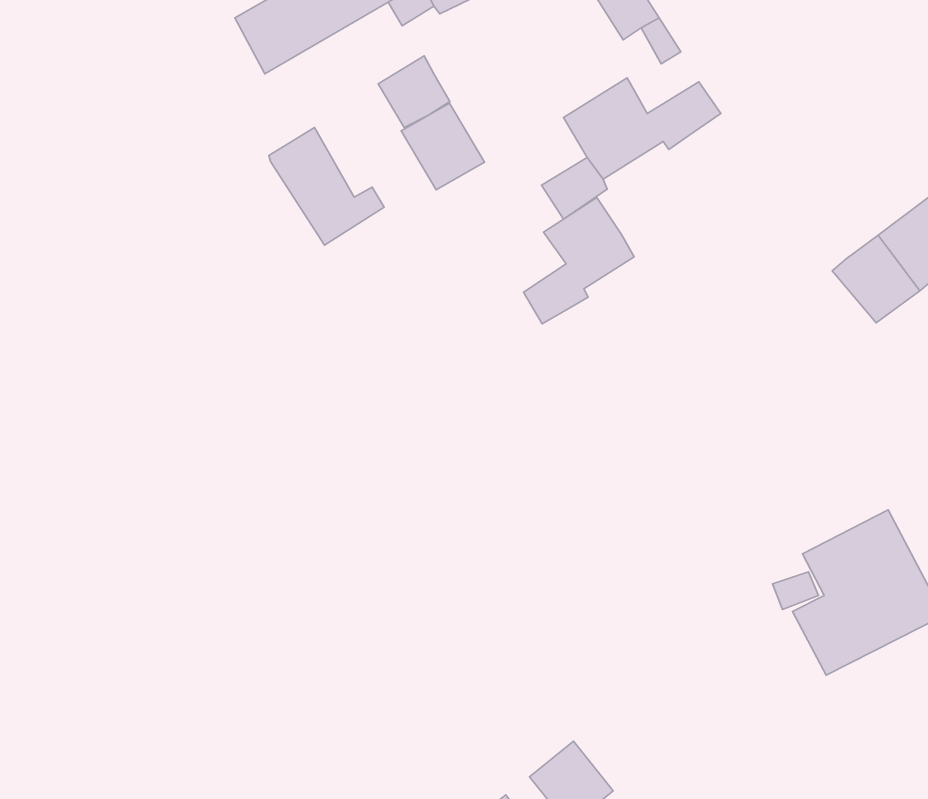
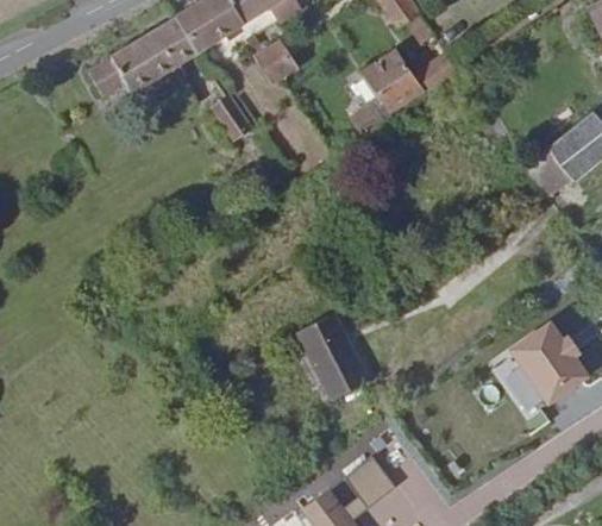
building: none -> [77,19,188,107]
building: [401,103,484,190] -> none
building: [523,198,634,324] -> none
building: none -> [297,317,366,406]

